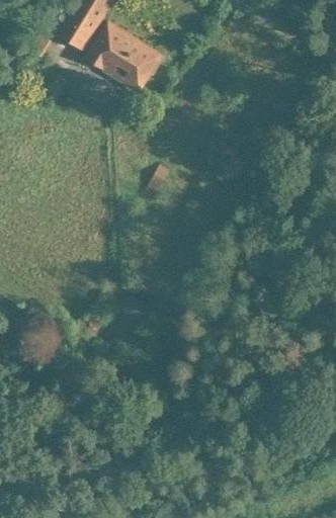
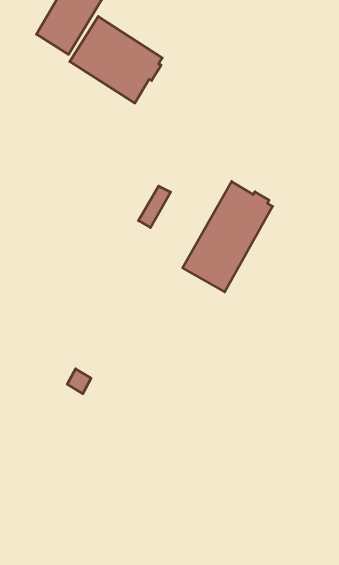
building: none -> [183,181,273,292]

